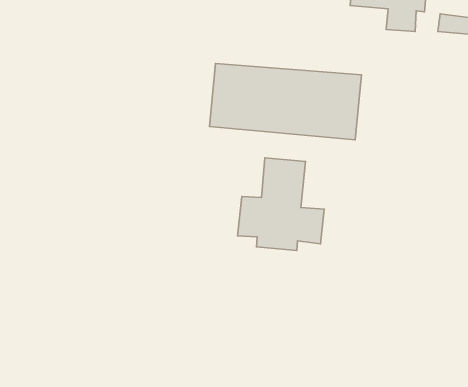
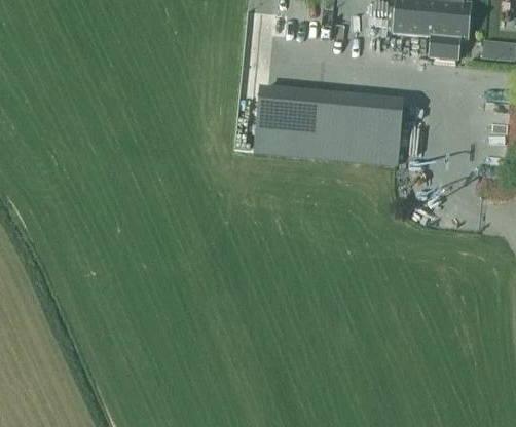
building: [237,158,324,251] -> none

